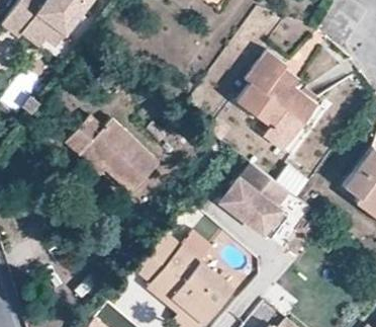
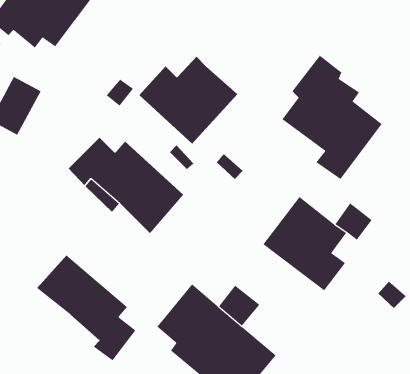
building: none -> [139,56,238,145]
building: none -> [36,254,136,361]

